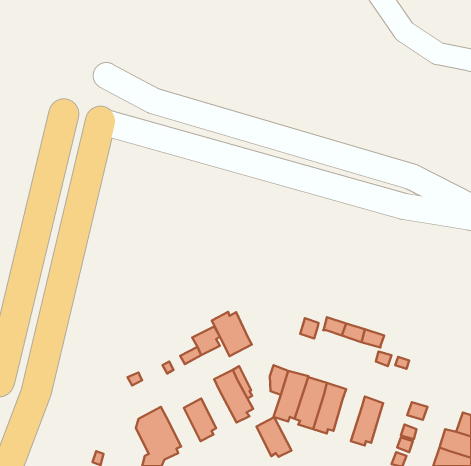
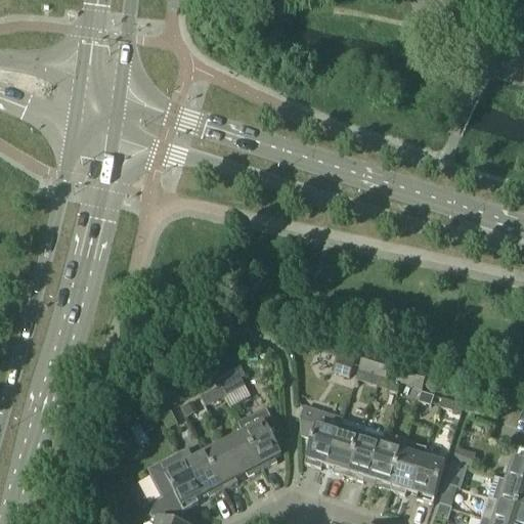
building: [212,312,252,356] -> none
building: none -> [369,442,401,488]
building: none -> [184,451,222,495]
building: none -> [411,455,444,501]
building: [256,417,292,457] -> [223,431,262,475]

